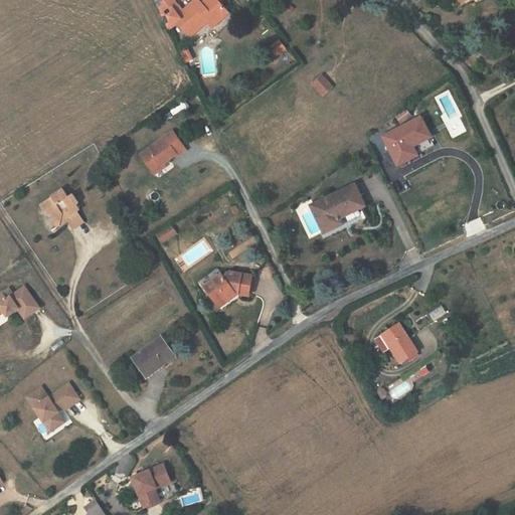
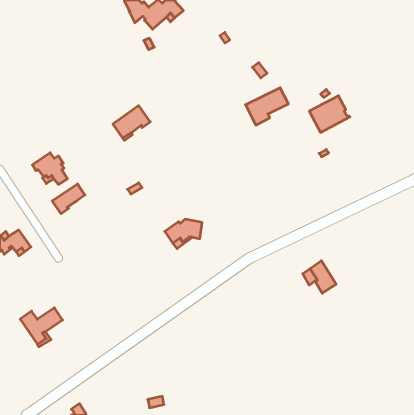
building: [311,185,364,231] -> [245,88,288,125]
building: none -> [52,184,85,214]
building: [132,337,175,377] -> none
building: [133,463,171,505] -> none

